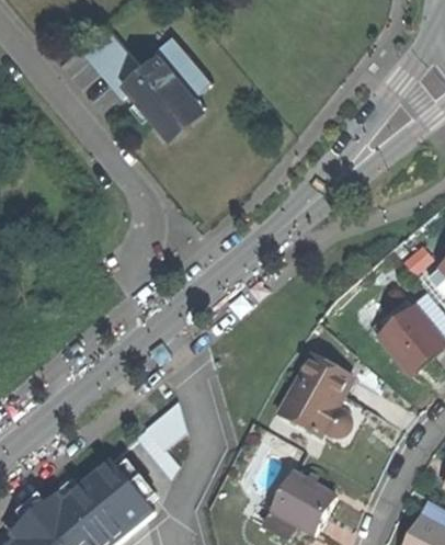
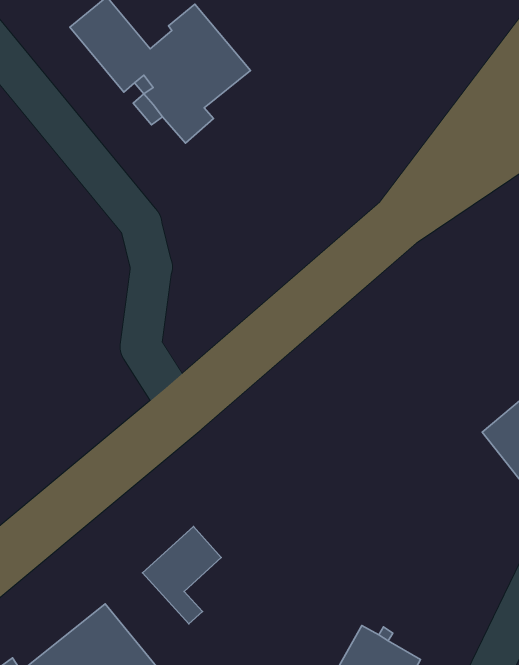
building: [279,361,355,447] -> none

